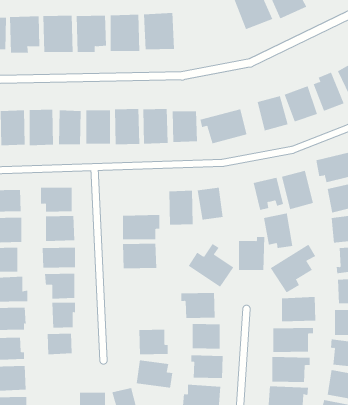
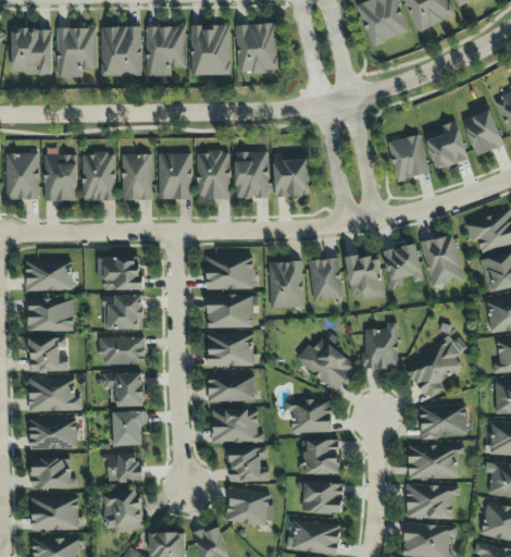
building: [200,108,247,144] -> none
building: none -> [205,256,252,289]
building: [263,213,293,249] -> [345,252,385,300]
building: none -> [207,374,253,401]
building: none -> [211,409,263,443]
building: none -> [99,487,146,534]

